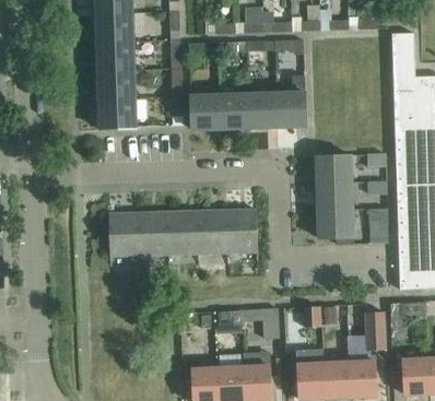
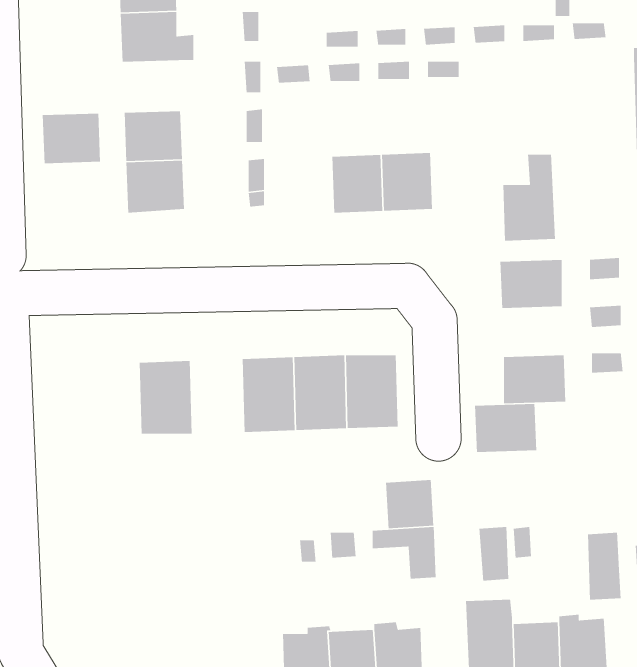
building: [98,42,132,71] -> [42,113,101,164]
building: [275,76,306,127] -> [502,154,556,242]
building: [190,96,220,130] -> none
building: [316,182,352,211] -> [474,403,537,453]
building: [138,212,168,256] -> none
building: none -> [385,479,434,529]

